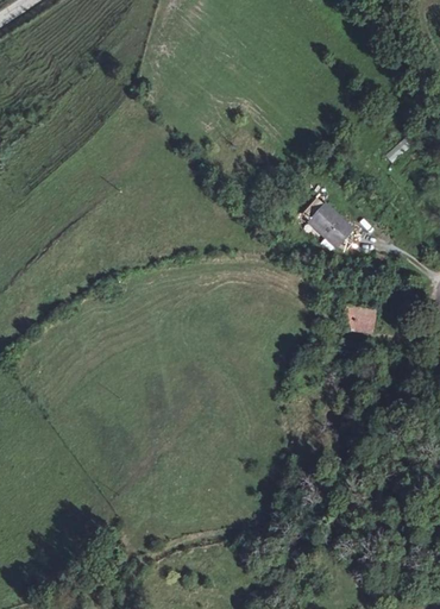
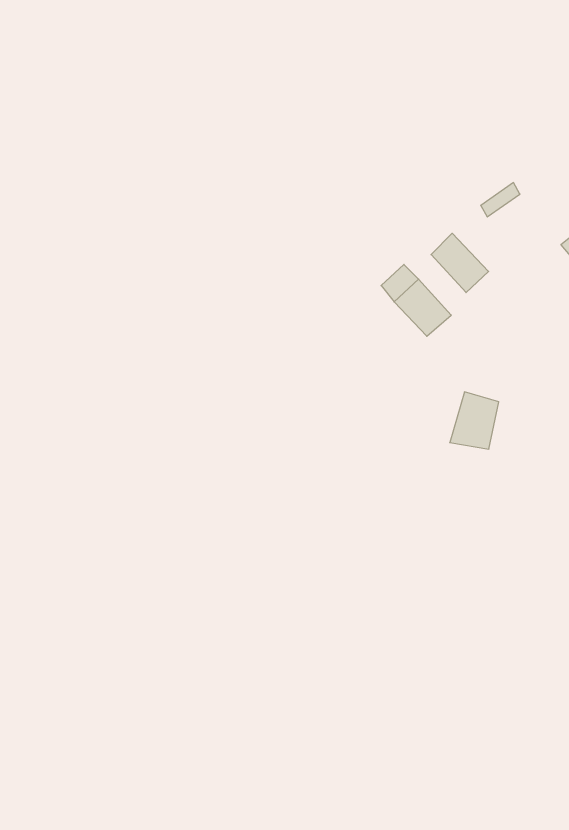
building: none -> [431,233,489,293]

